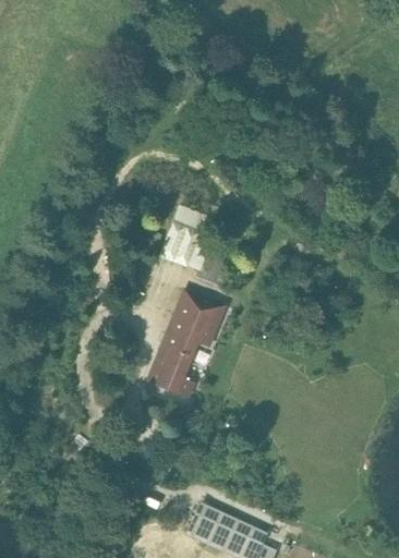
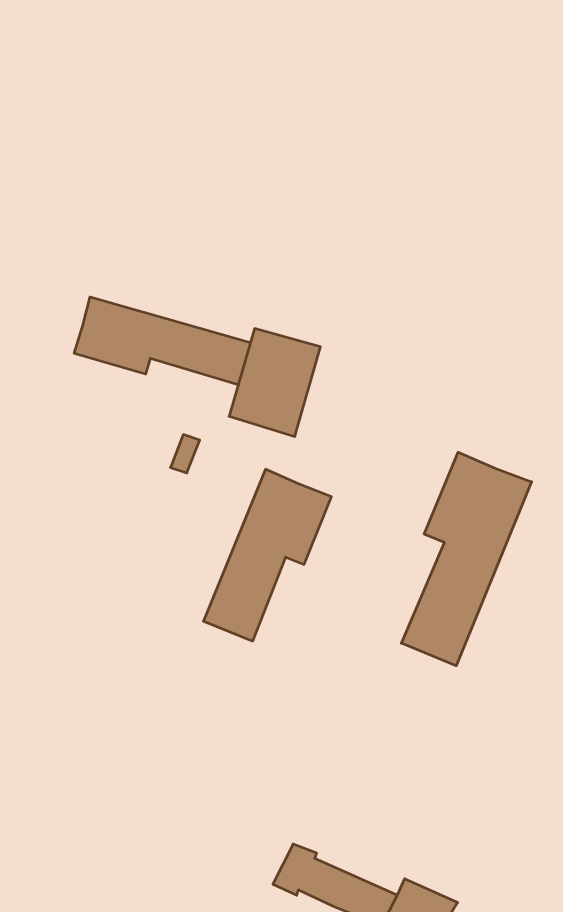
building: none -> [74,297,250,385]
building: none -> [401,452,532,666]

